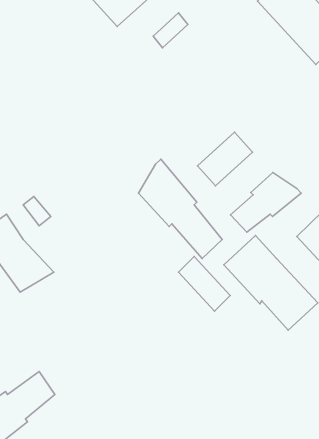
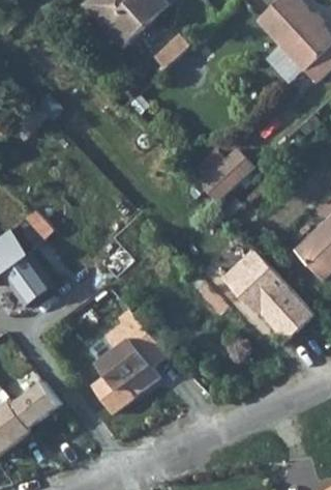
building: [139,159,222,258] -> none
building: [230,172,301,232] -> none
building: none -> [92,311,169,413]

